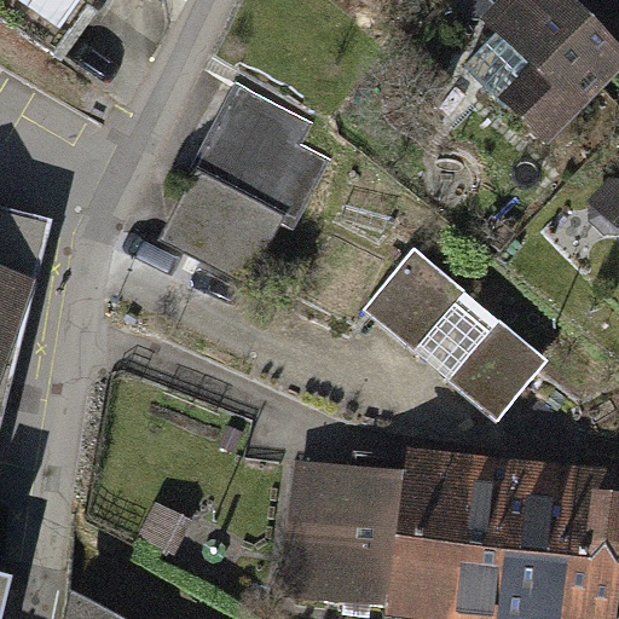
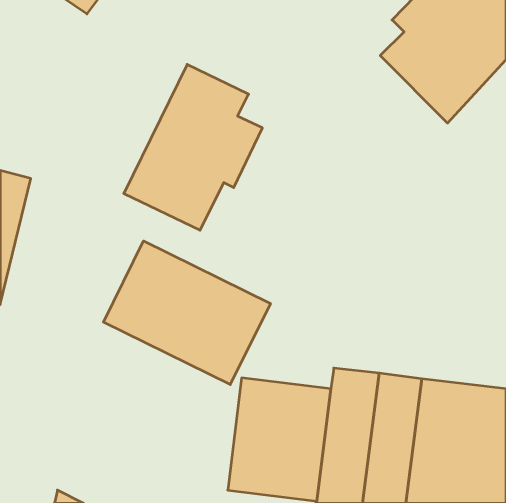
building: [364,248,550,422] -> none
building: none -> [103,241,270,385]

